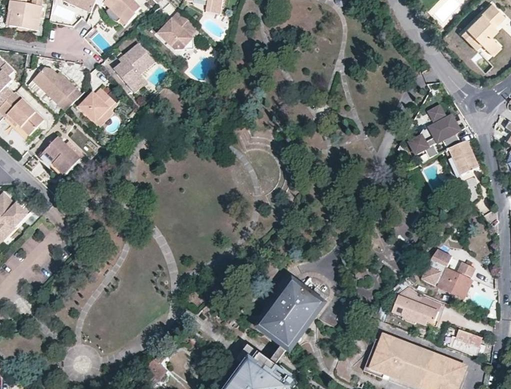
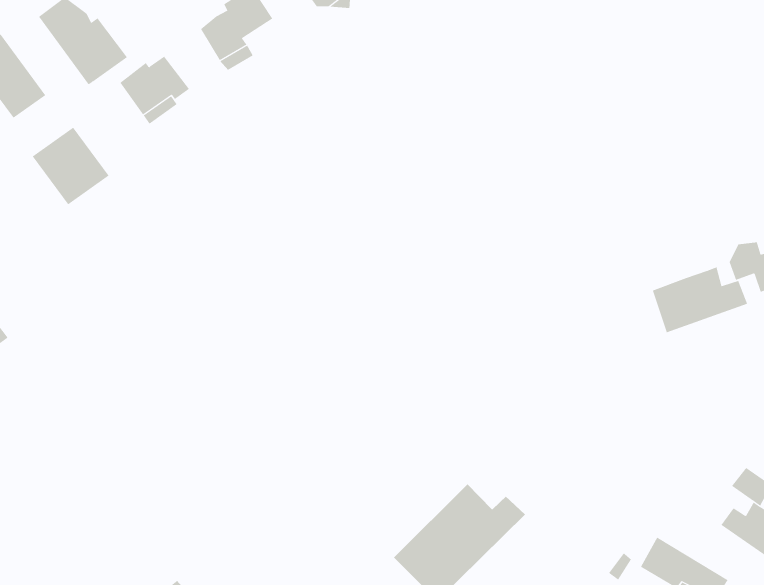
building: none -> [652,267,748,333]

